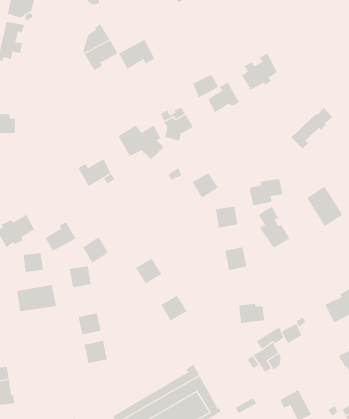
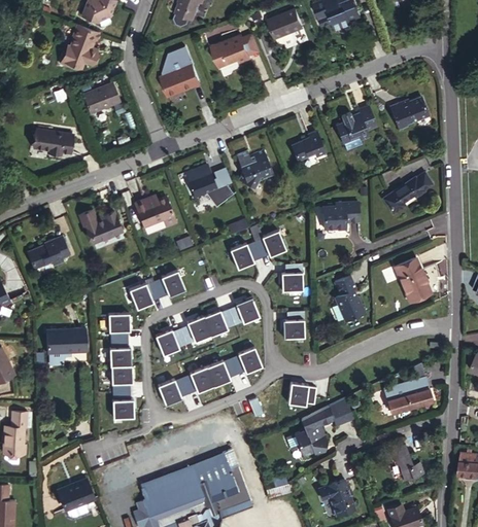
building: none -> [386,94,426,130]
building: [118,39,155,70] -> [211,36,251,67]
building: none -> [83,82,123,113]
building: [192,74,219,98] -> none
building: [249,178,283,206] -> [318,205,355,231]
building: none -> [228,241,257,269]
building: none -> [158,269,186,296]
building: [45,222,77,252] -> [88,210,123,241]
building: none -> [232,295,261,323]
building: none -> [205,306,234,333]
building: [23,252,44,273] -> none
building: none -> [152,326,181,355]
building: none -> [235,345,264,374]
building: none -> [109,343,132,365]
building: none -> [182,367,211,395]
building: none -> [156,377,184,406]

